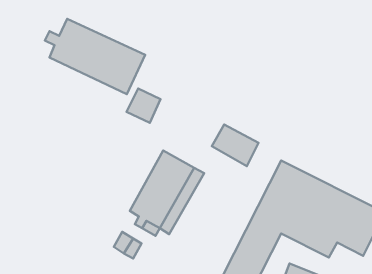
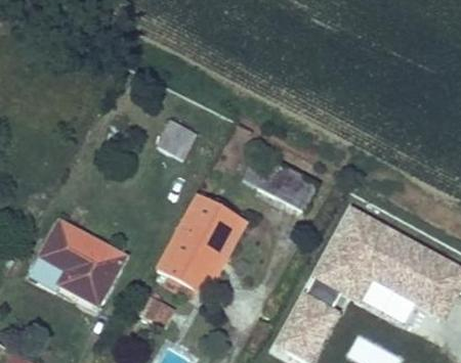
building: [45,19,145,94] -> none
building: none -> [41,222,126,305]

